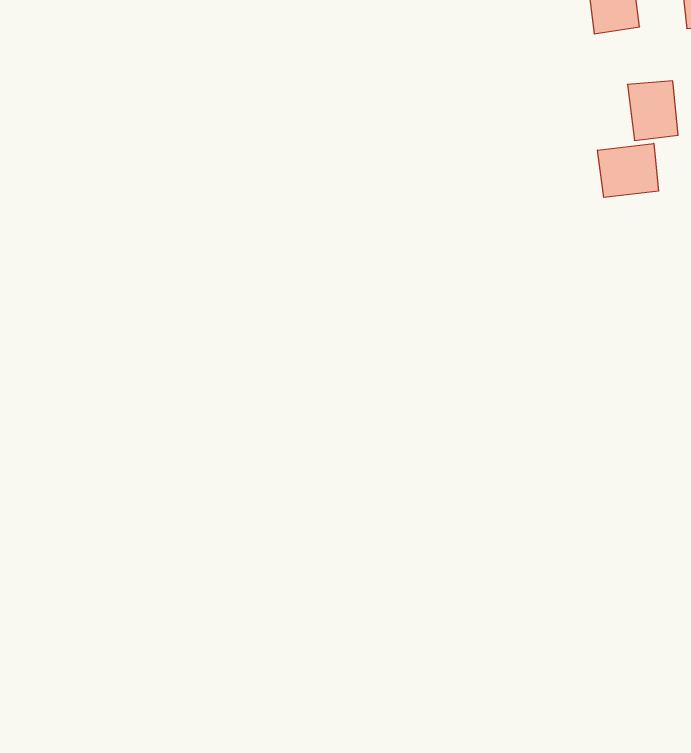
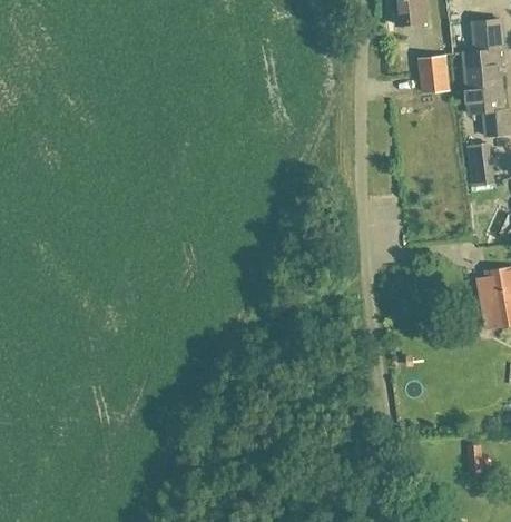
building: [598,143,658,197] -> none

